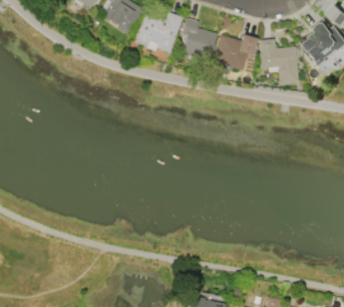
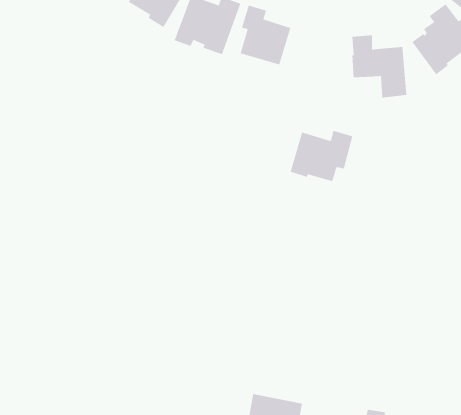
building: [213,33,257,69] -> [290,130,353,182]

